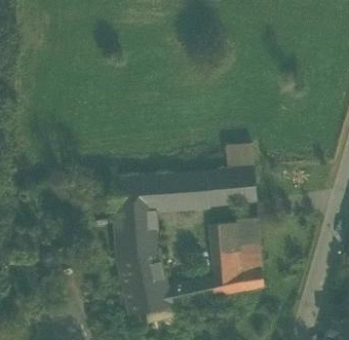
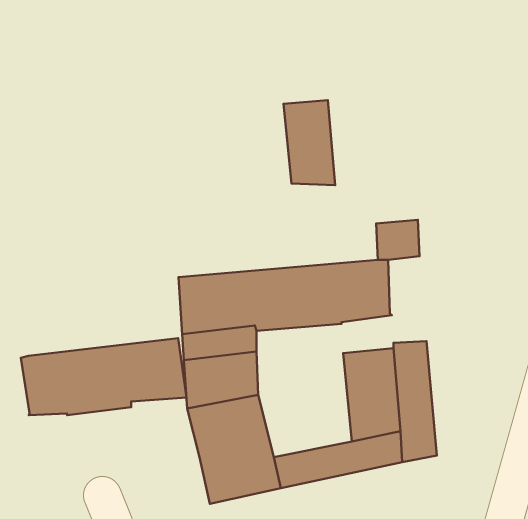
building: none -> [283,100,335,185]
building: [235,168,256,202] -> none
building: none -> [21,338,186,415]

